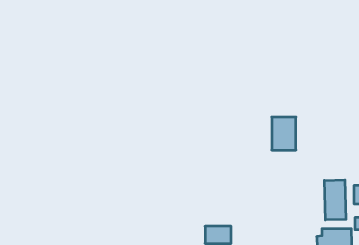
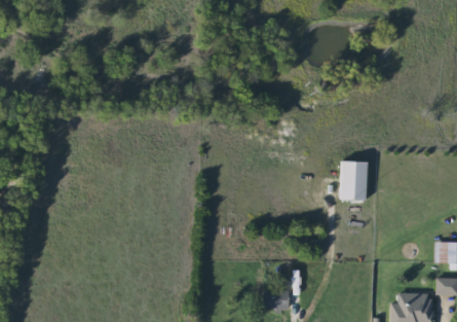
building: [324,180,346,220] -> none

